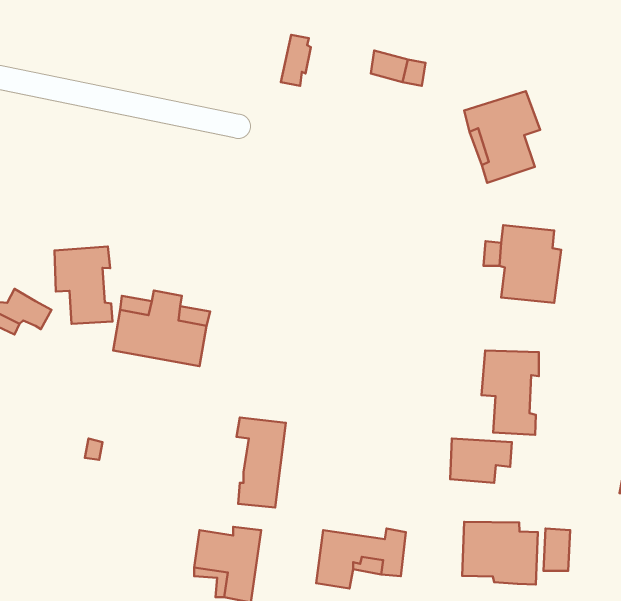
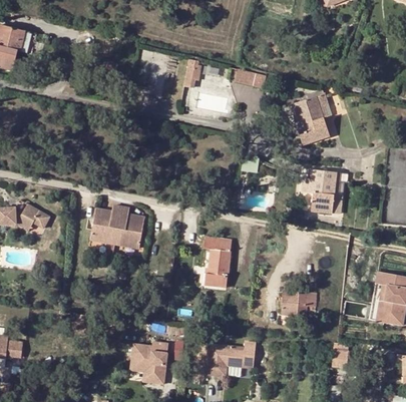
building: [55,247,113,324] -> none
building: [482,350,539,435] -> none
building: [236,417,286,507] -> [202,236,231,287]
building: [462,522,538,584] -> none

